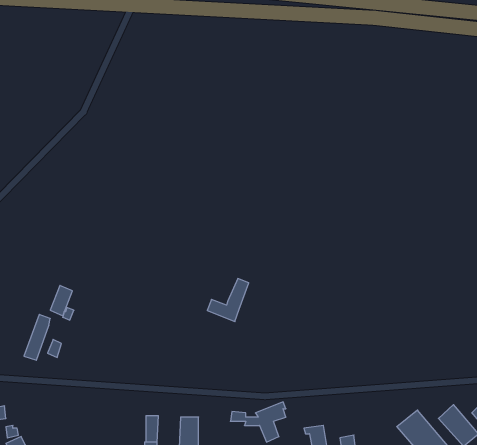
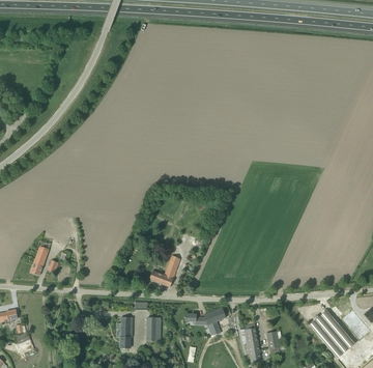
building: [207,279,249,322] -> [150,255,181,287]

